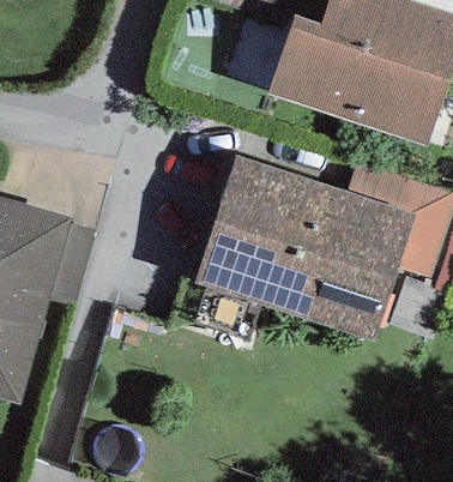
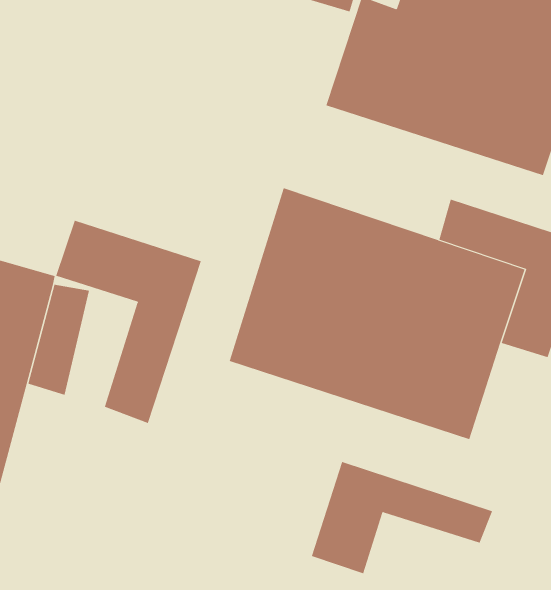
building: none -> [55,220,202,424]
building: none -> [311,461,493,574]

